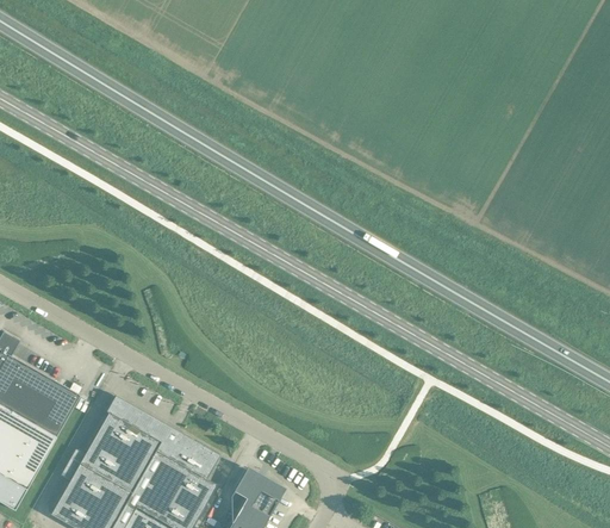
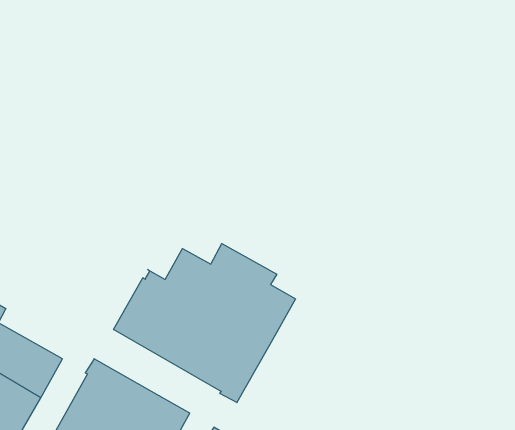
building: none -> [114,244,296,403]

